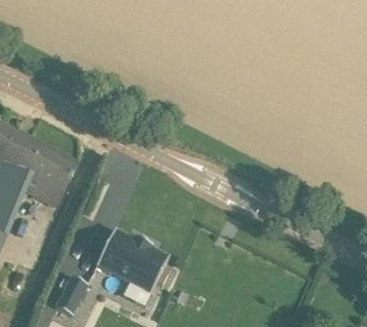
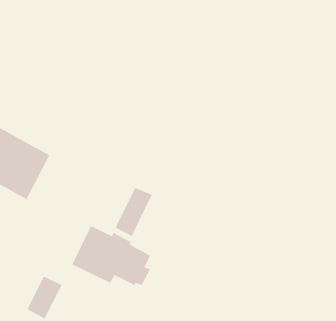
building: none -> [115,187,152,237]

